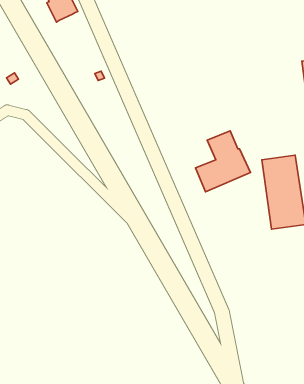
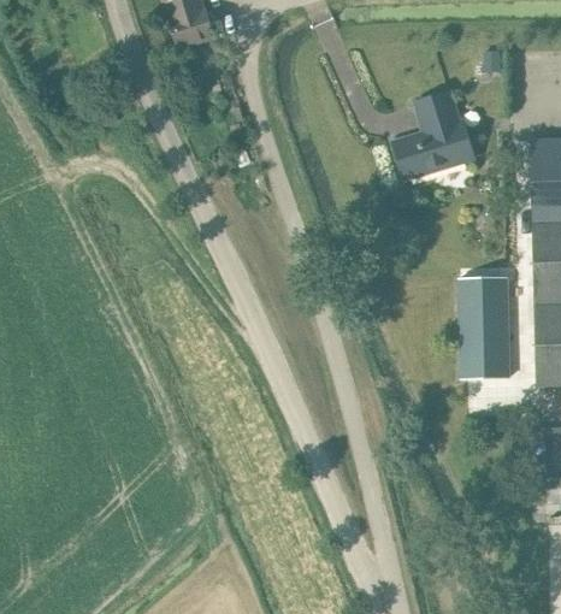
building: [195,131,251,192] -> [394,93,473,177]

